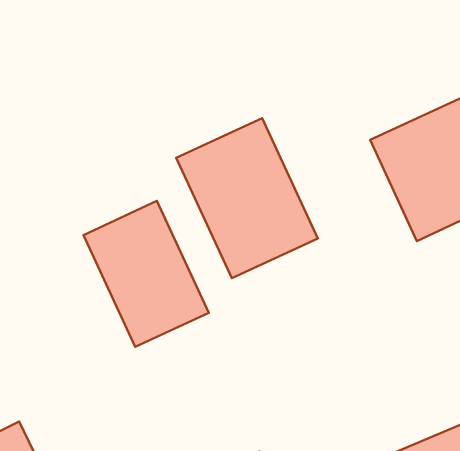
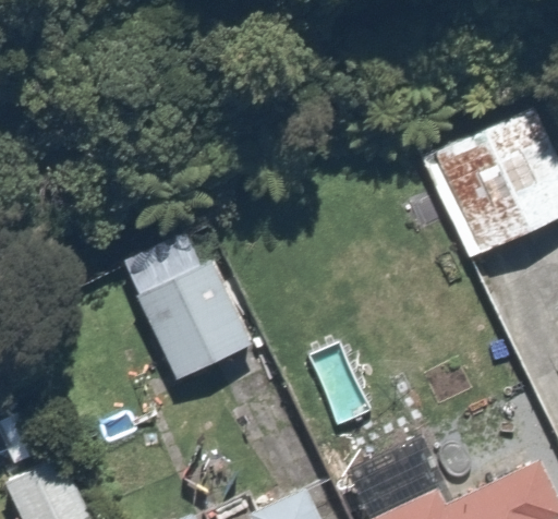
building: [176,118,318,278] -> none

